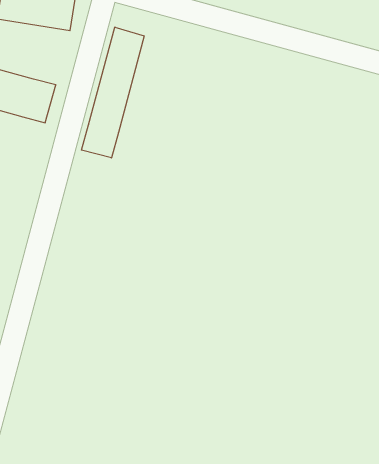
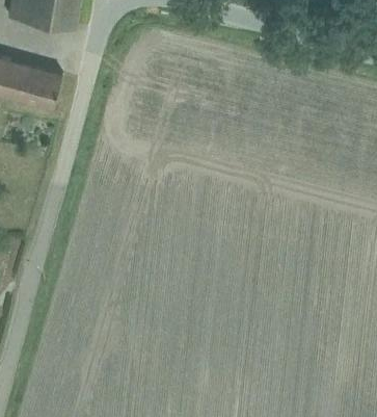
building: [81,27,144,158] -> none

